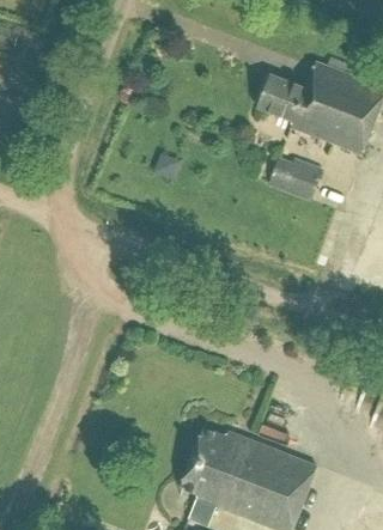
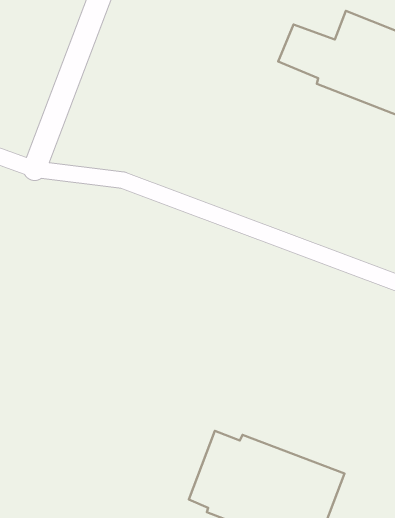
building: [268,158,324,203] -> none

